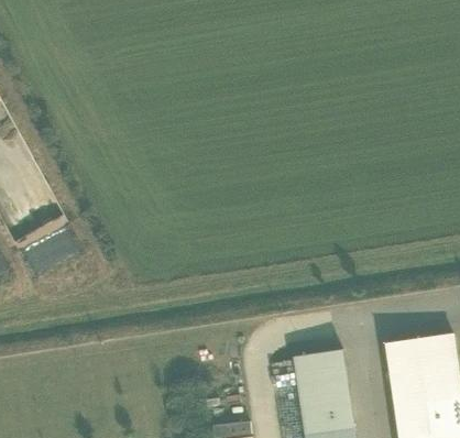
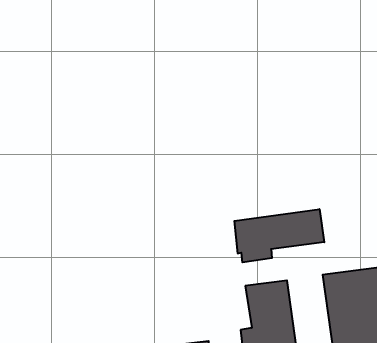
building: none -> [234,209,324,262]

